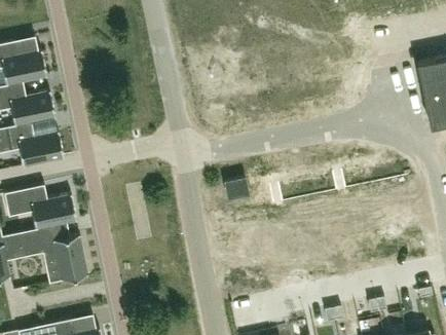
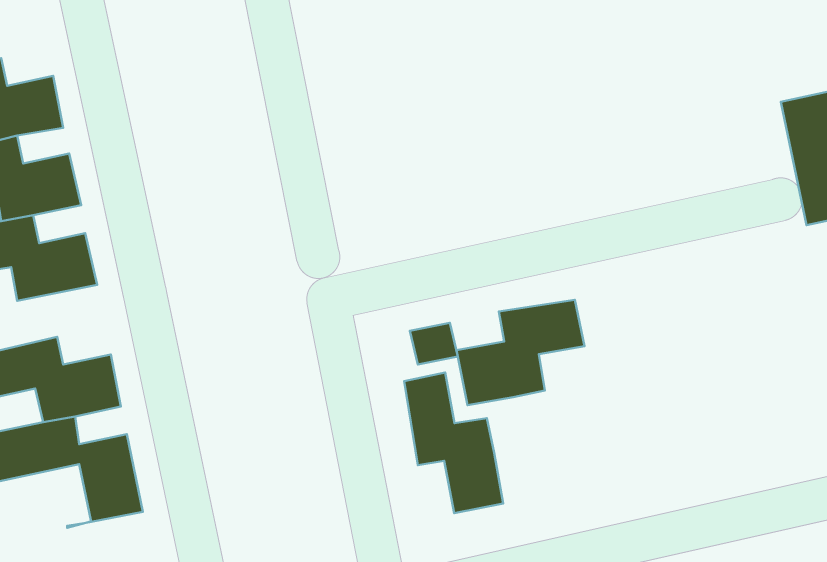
building: none -> [456,300,585,405]
building: none -> [404,372,503,513]

